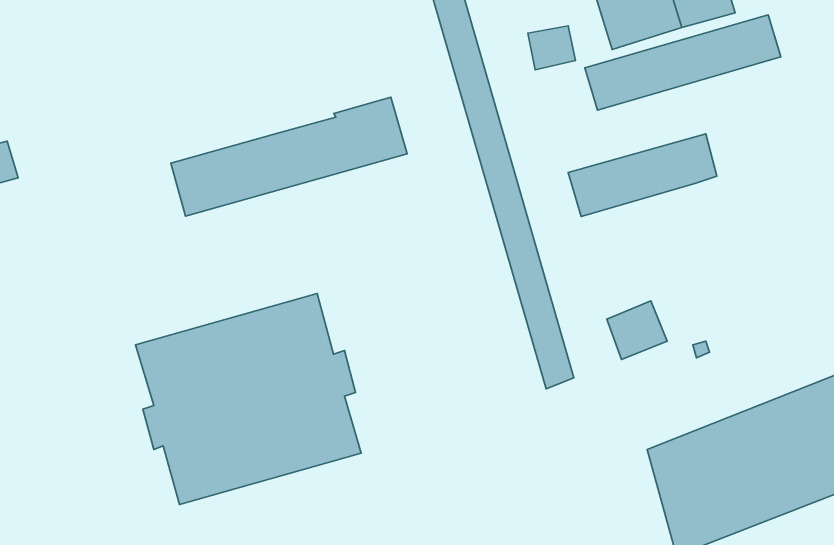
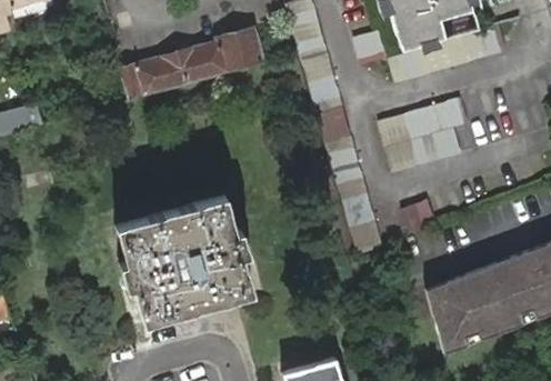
building: [171,97,407,216] -> [119,29,262,101]
building: none -> [384,128,461,173]

